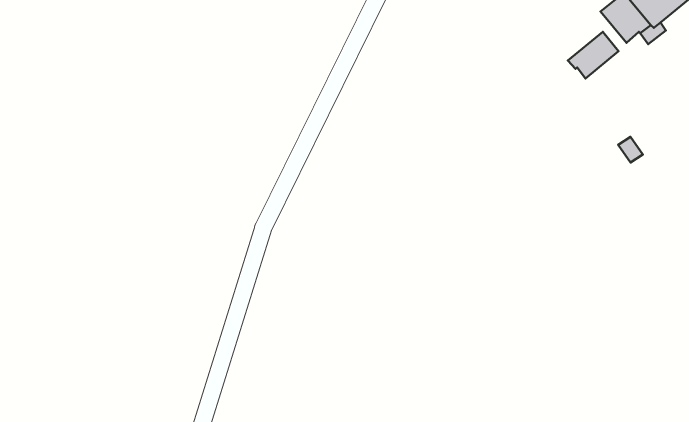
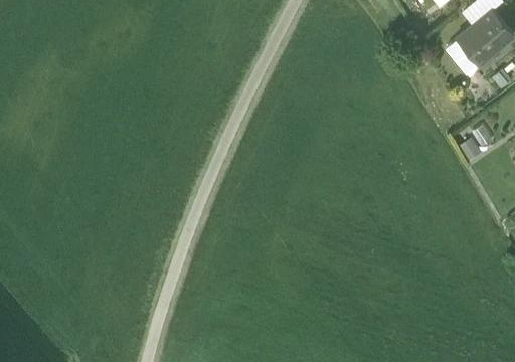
building: [568,32,619,79] -> none

